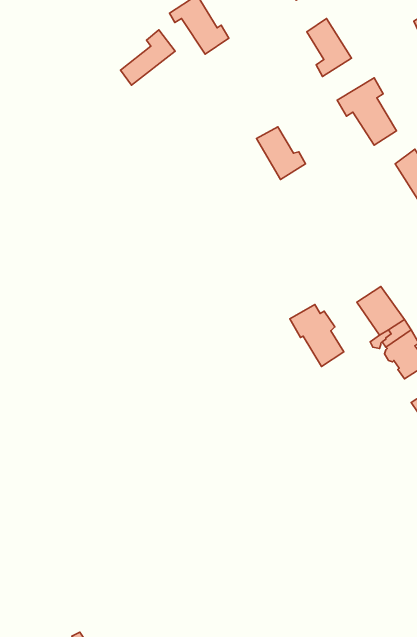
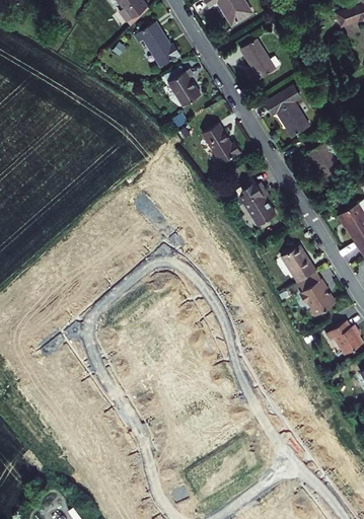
building: [121,30,175,85] -> none
building: none -> [170,68,202,104]
building: [290,304,344,366] -> [233,177,275,225]

